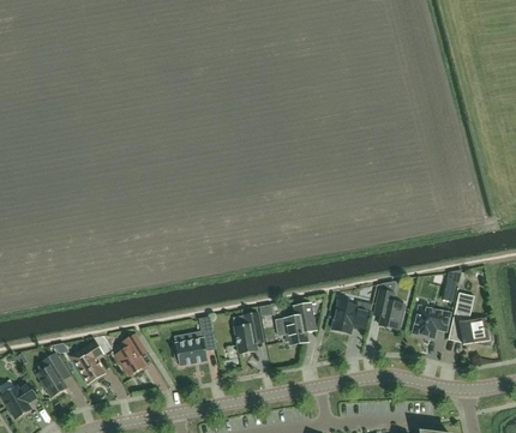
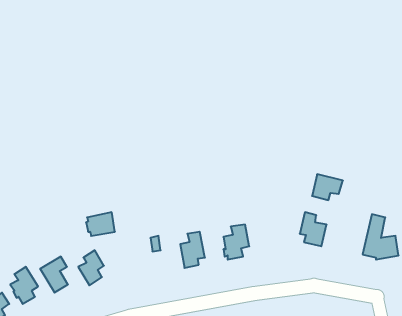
building: [331,300,371,332] -> none
building: [413,306,449,336] -> [312,174,343,200]
building: [173,337,206,365] -> [86,212,115,236]

